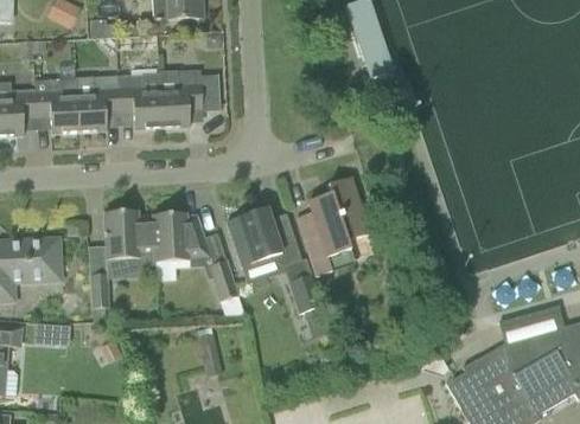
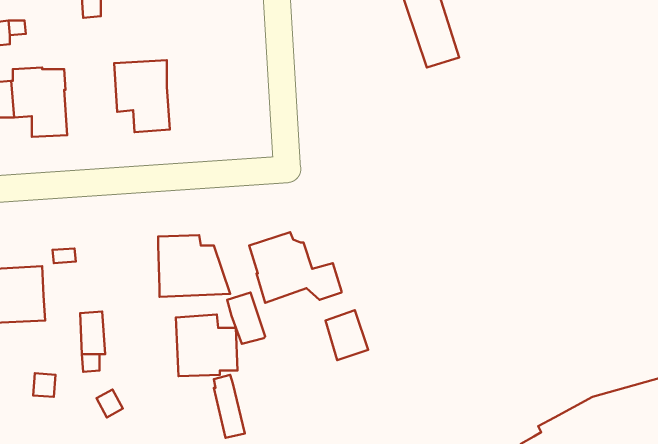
building: [158,69,218,128] -> none
building: [75,75,119,133] -> none
building: [295,178,367,276] -> none
building: [103,211,153,261] -> [176,315,237,376]

